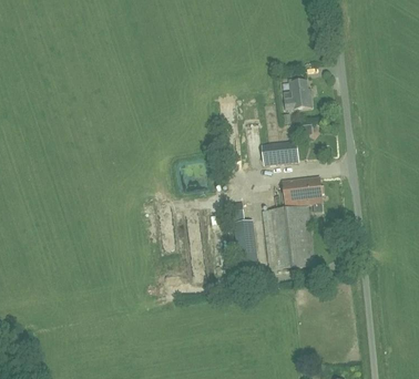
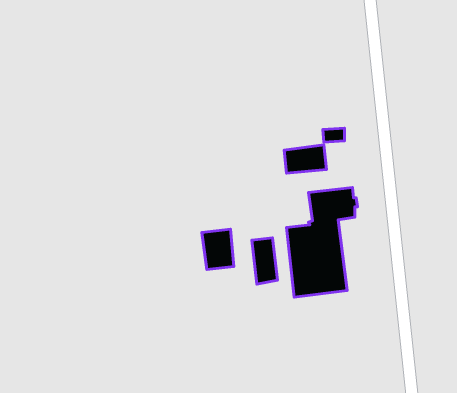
building: [284,76,311,109] -> none
building: none -> [202,229,234,270]

